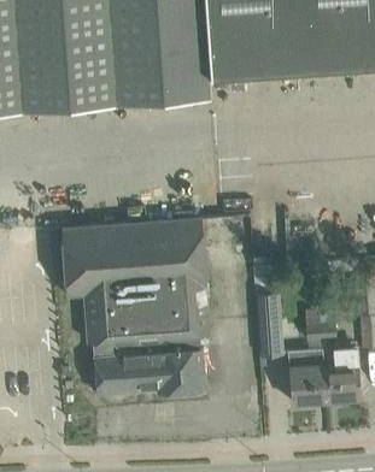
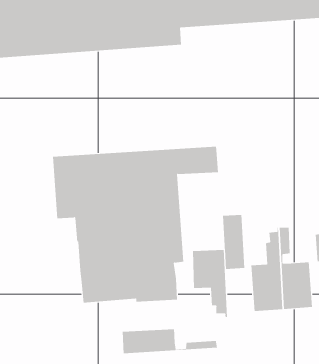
building: none -> [192,249,228,318]
building: none -> [122,328,217,354]

